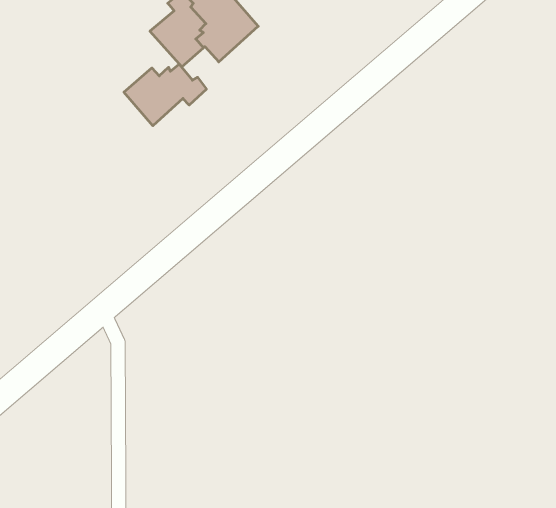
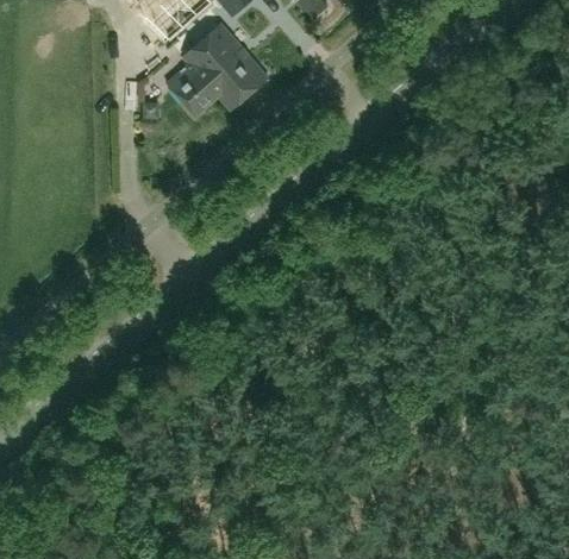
building: [124,64,206,126] -> none

